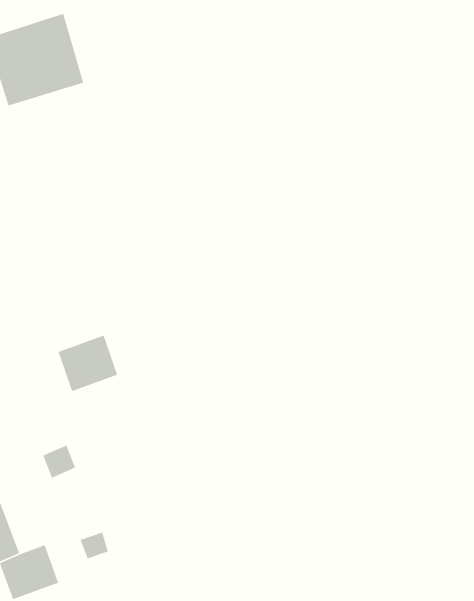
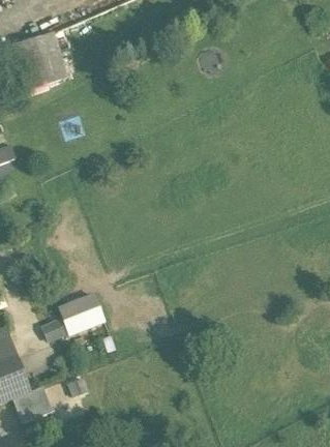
building: [57,335,118,392] -> [61,294,101,332]

